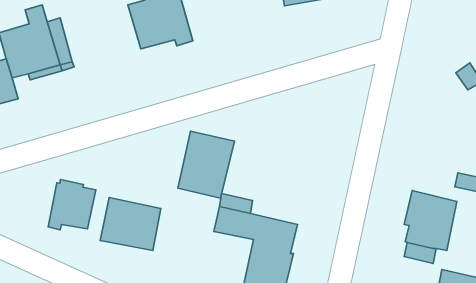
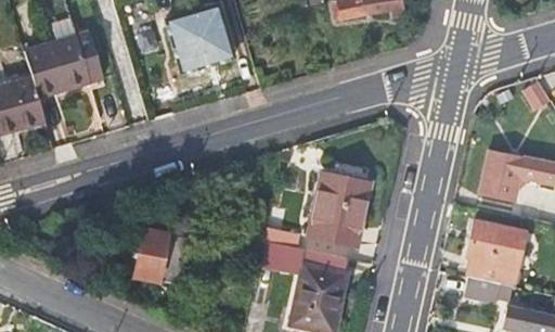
building: none -> [478,151,537,200]
building: [178,131,235,198] -> [309,171,371,244]
building: [48,180,96,230] -> none

